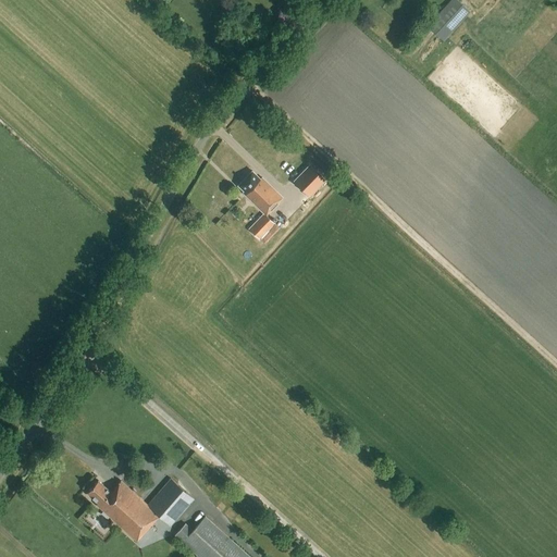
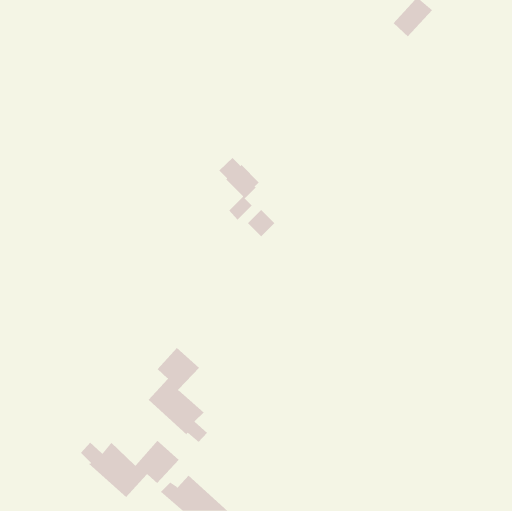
building: [293,170,323,200] -> [247,209,275,237]
building: none -> [148,347,208,443]

